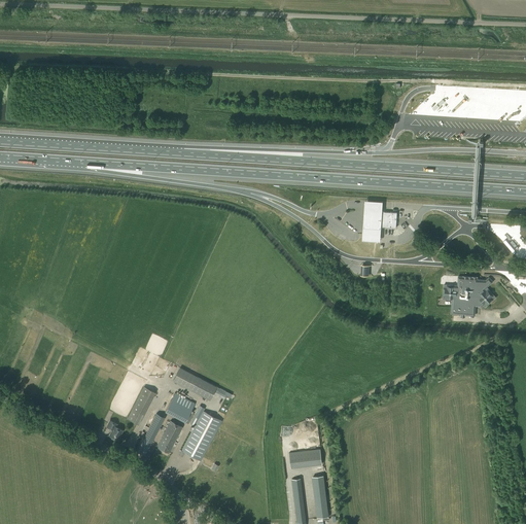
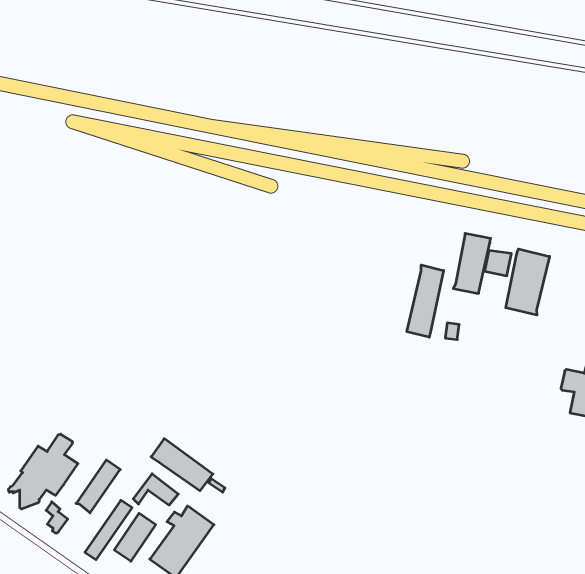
building: none -> [506,249,550,315]
building: none -> [407,265,444,337]
building: none -> [8,434,78,509]

